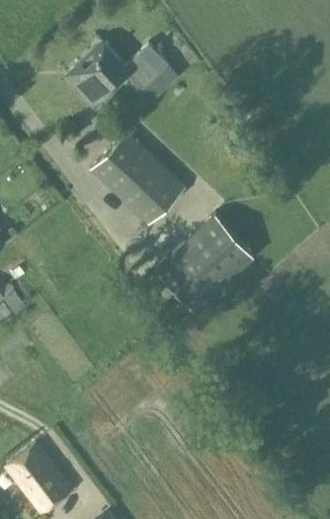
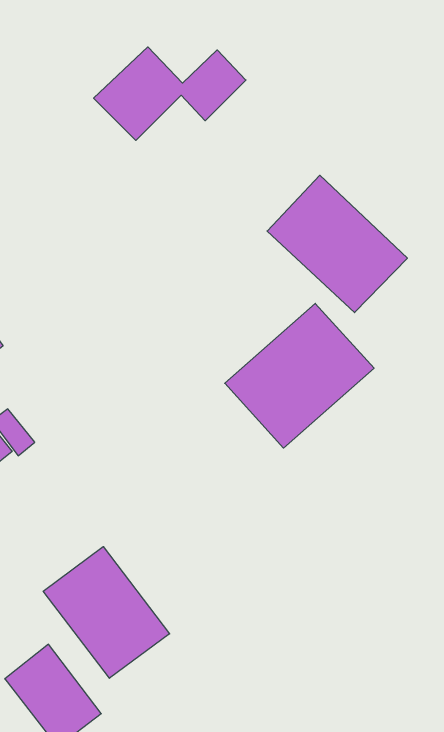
building: [90,133,184,225] -> [267,175,407,313]
building: none -> [43,547,170,678]

